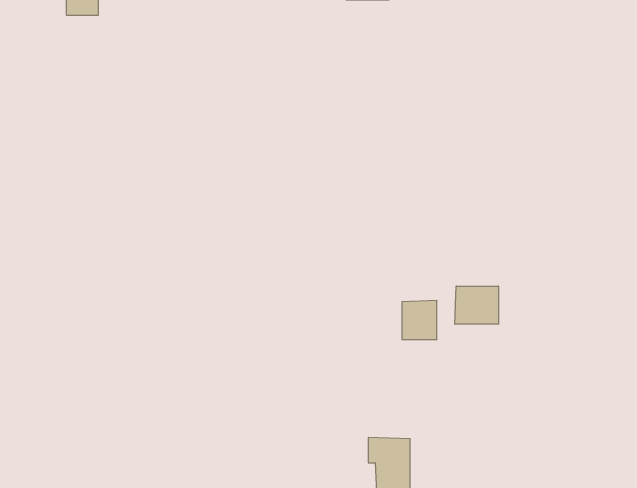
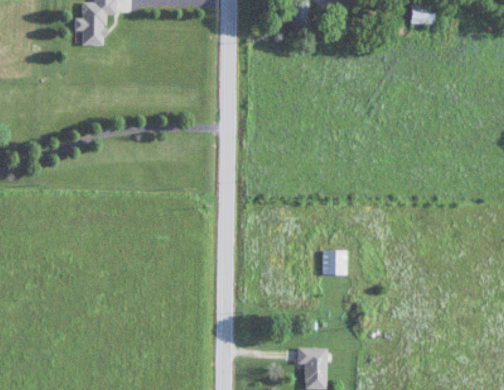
building: [455,286,498,324] -> none

